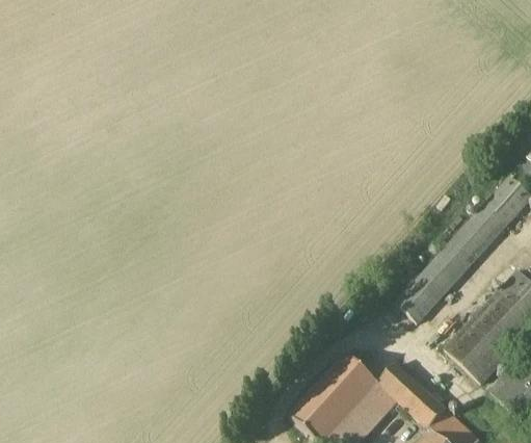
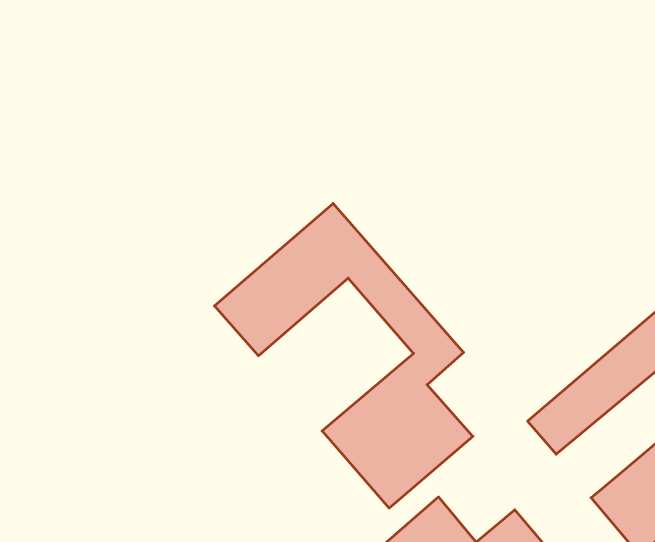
building: none -> [214,203,473,508]

